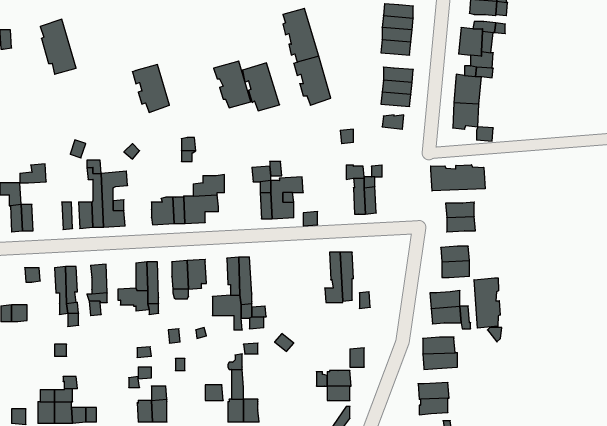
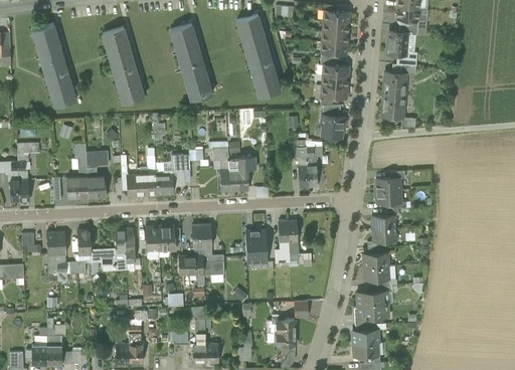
building: none -> [102,27,133,67]
building: [242,63,280,111] -> [170,24,201,64]
building: none -> [44,65,75,106]
building: none -> [321,115,343,138]
building: [431,165,485,191] -> none
building: none -> [244,230,267,263]
building: [474,278,500,328] -> none

